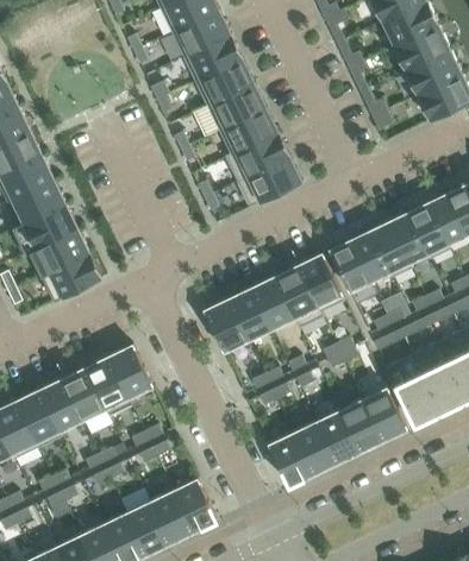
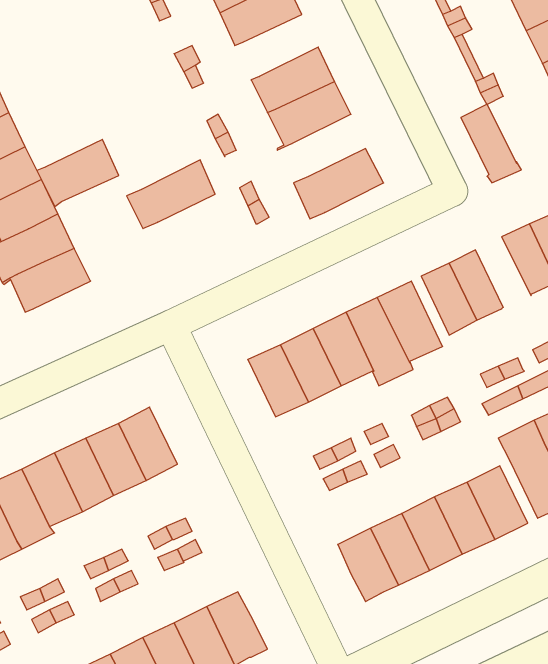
building: [194,59,255,107] -> none
building: [225,132,289,182] -> [127,160,215,229]
building: [369,221,413,278] -> [461,104,521,183]
building: [42,253,101,302] -> [37,139,119,206]

